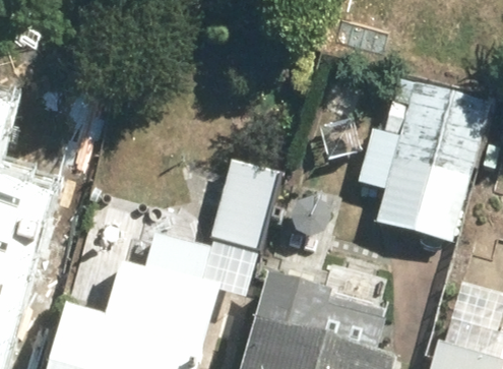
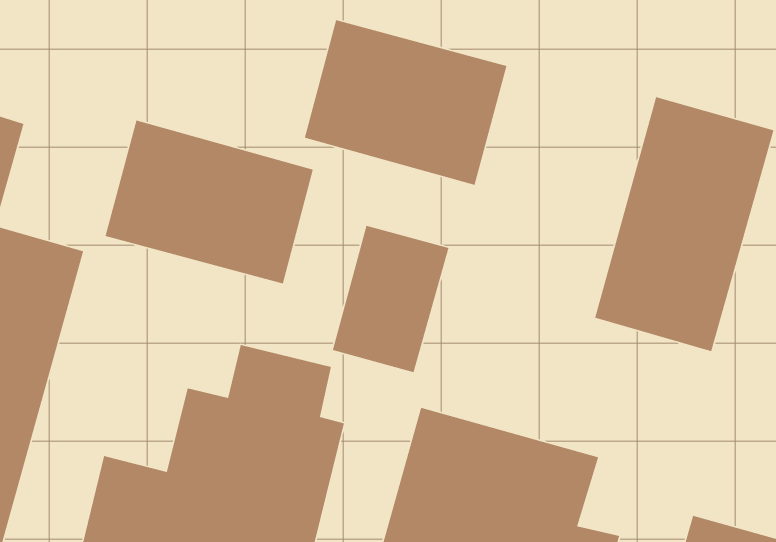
building: none -> [304,19,507,186]
building: none -> [104,120,314,285]

